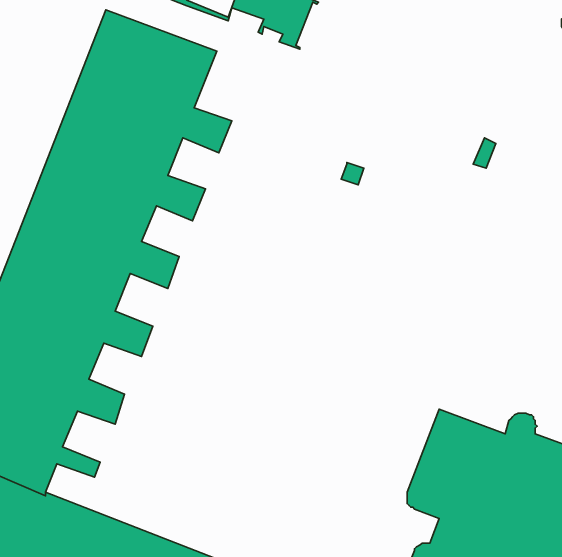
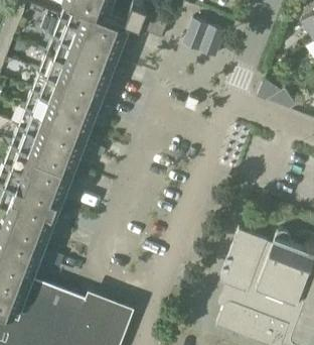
building: none -> [184,20,226,59]

